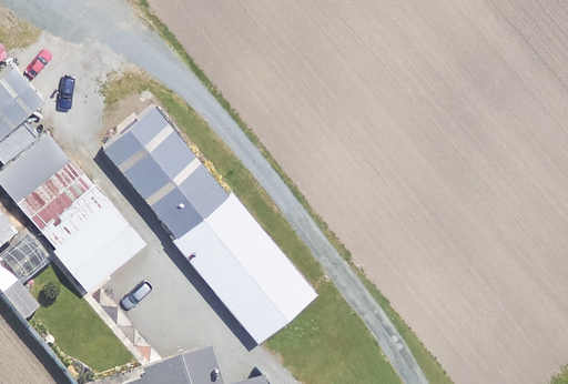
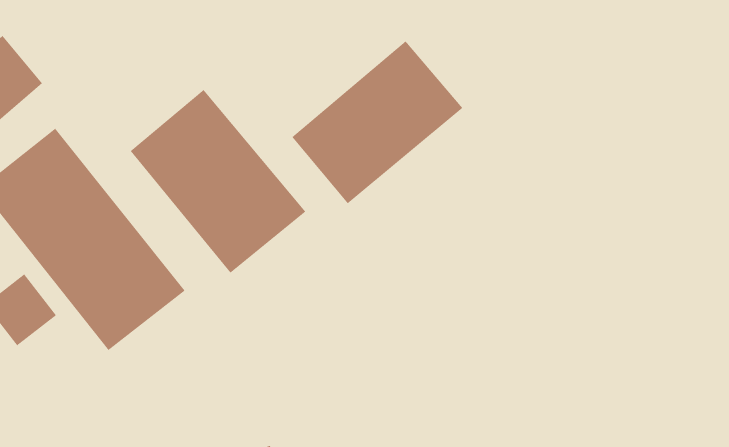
building: none -> [291,40,463,204]
building: [169,190,314,342] -> none

